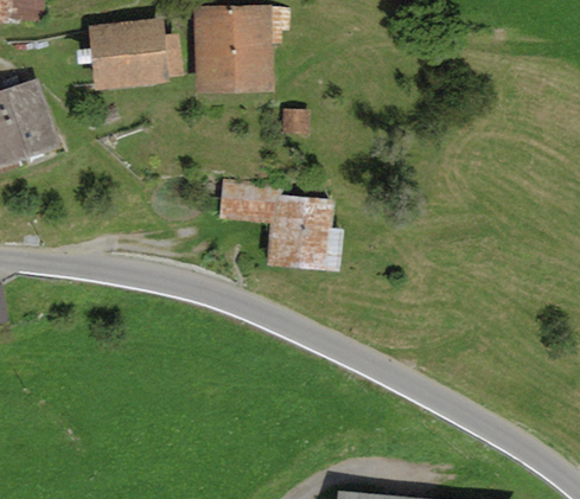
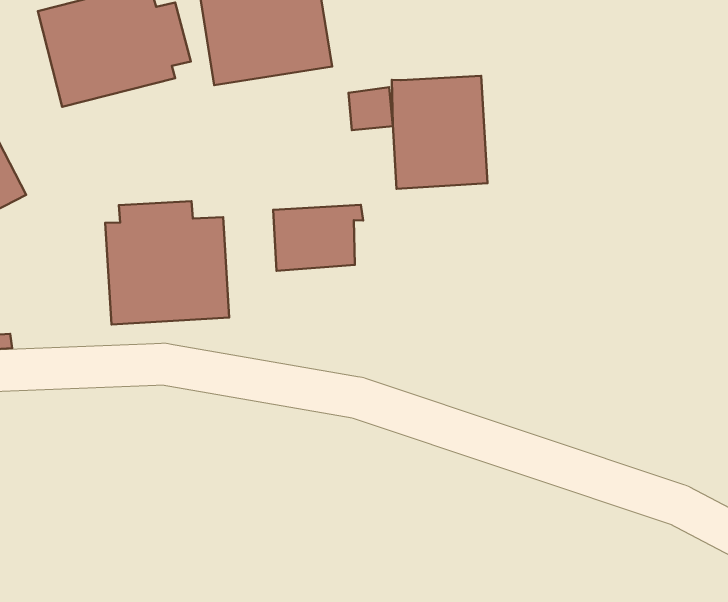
building: none -> [105,201,229,325]
building: [267,193,333,270] -> [392,76,488,189]

